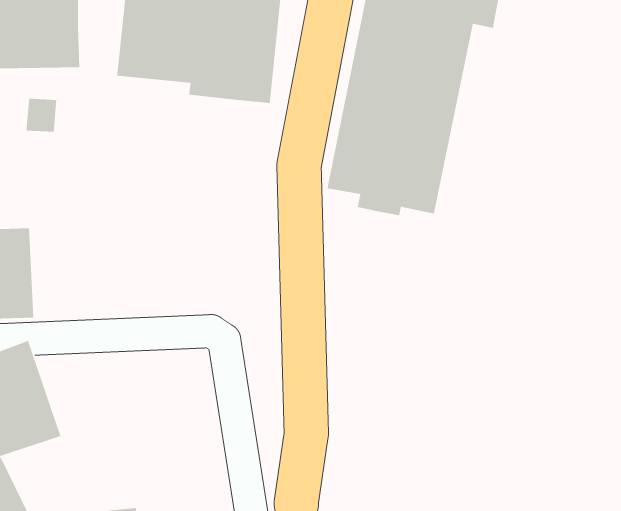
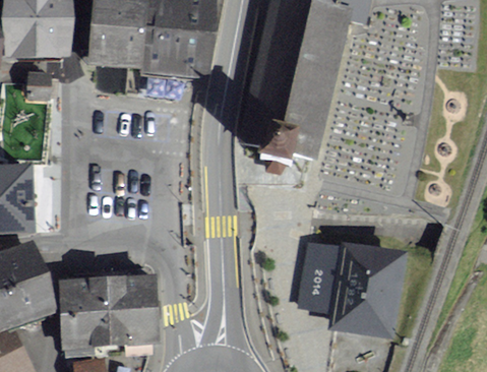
building: none -> [301,243,403,334]
building: none -> [59,277,154,348]

